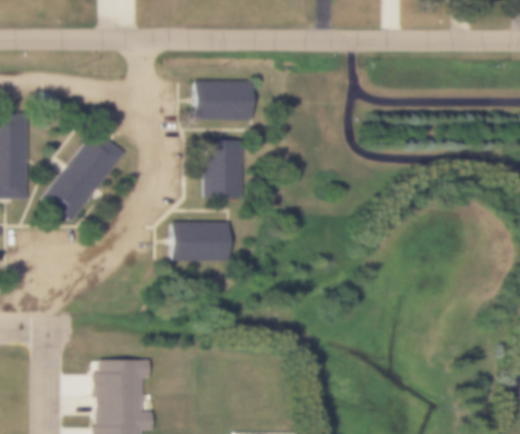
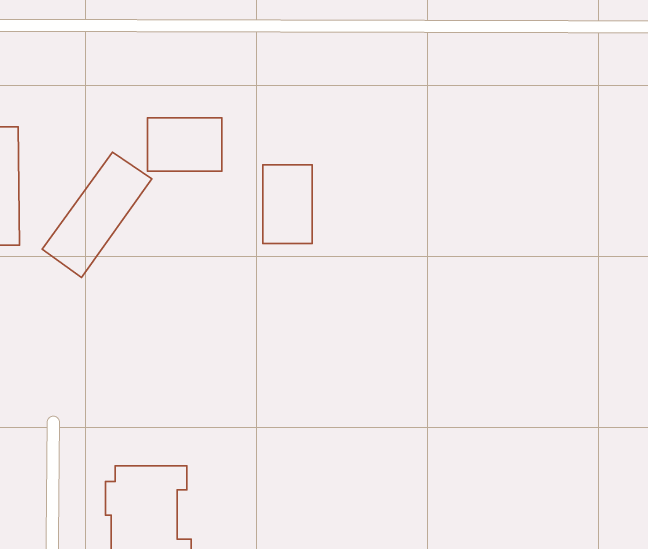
building: [195,80,250,119] -> [147,118,222,171]
building: [170,222,228,261] -> none

